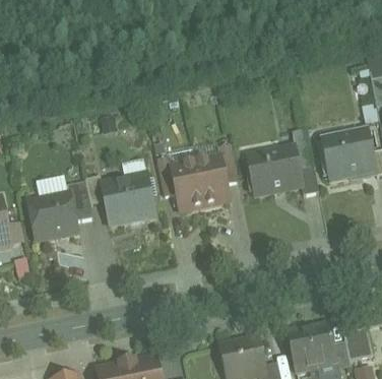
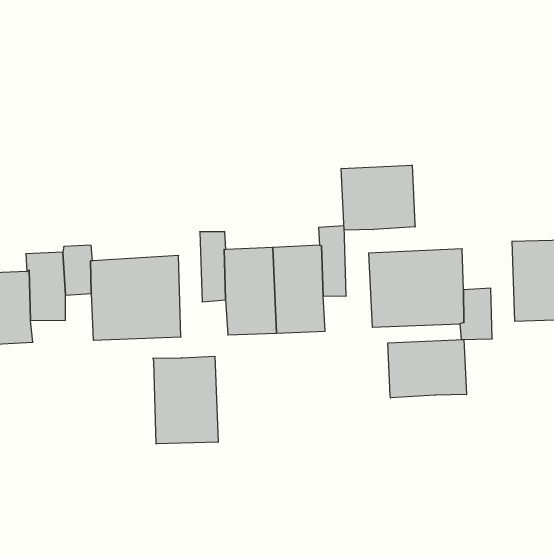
building: none -> [341,165,415,230]
building: none -> [388,340,466,398]
building: none -> [153,356,218,444]

